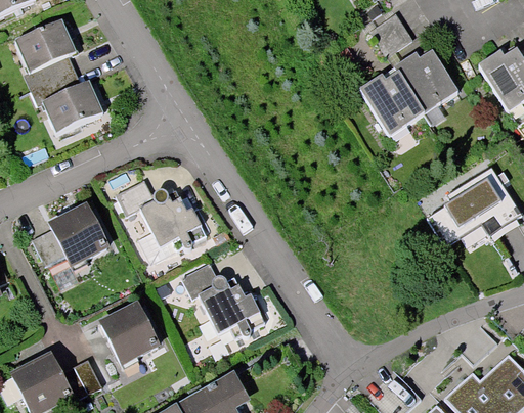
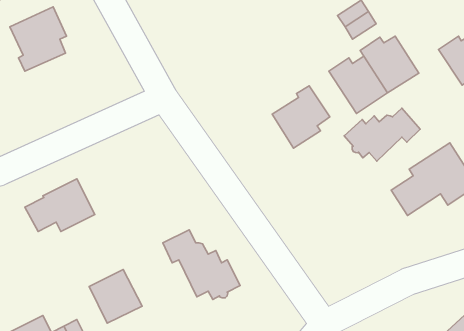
building: [31,71,103,134] -> none
building: none -> [272,86,330,148]
building: none -> [344,108,420,161]
building: [114,178,206,250] -> none

